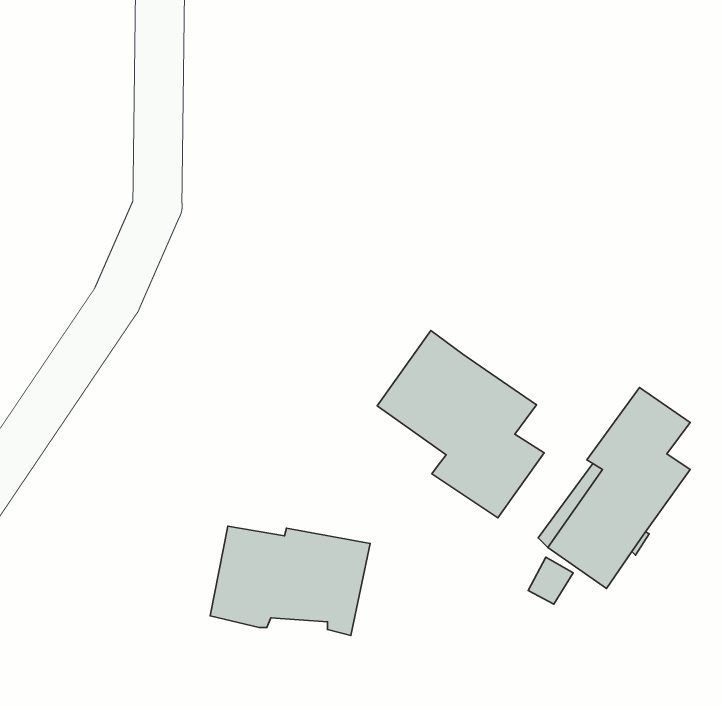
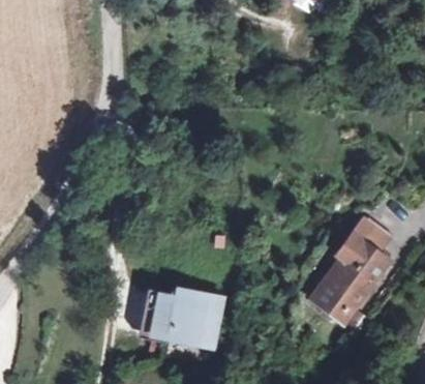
building: [377,330,544,518] -> none

